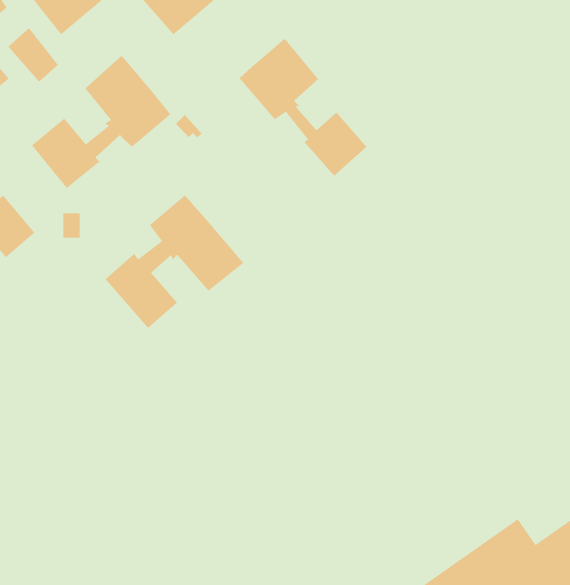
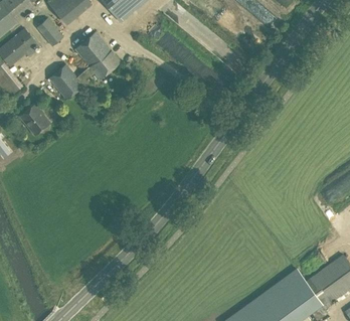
building: [239,38,367,177] -> none
building: [105,195,244,329] -> none

